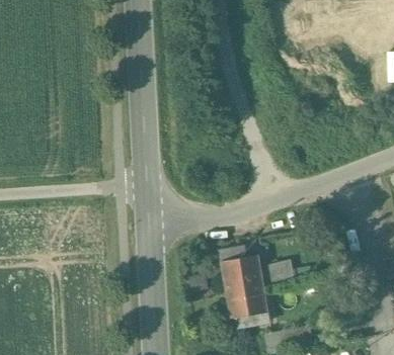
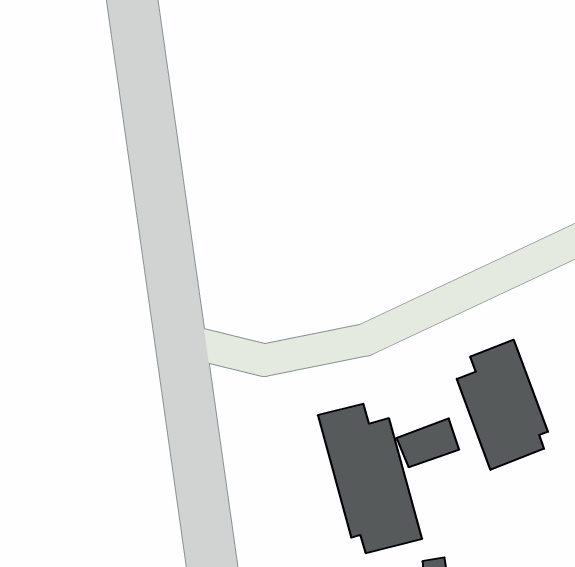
building: none -> [457,340,548,470]

